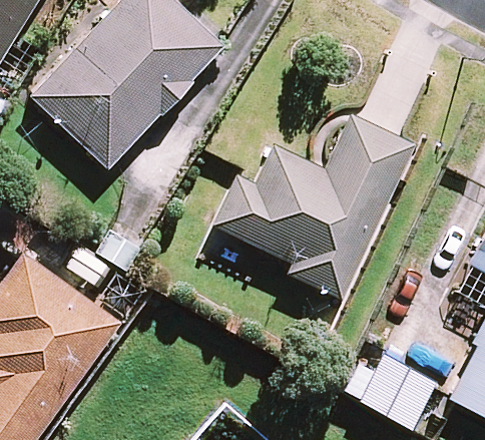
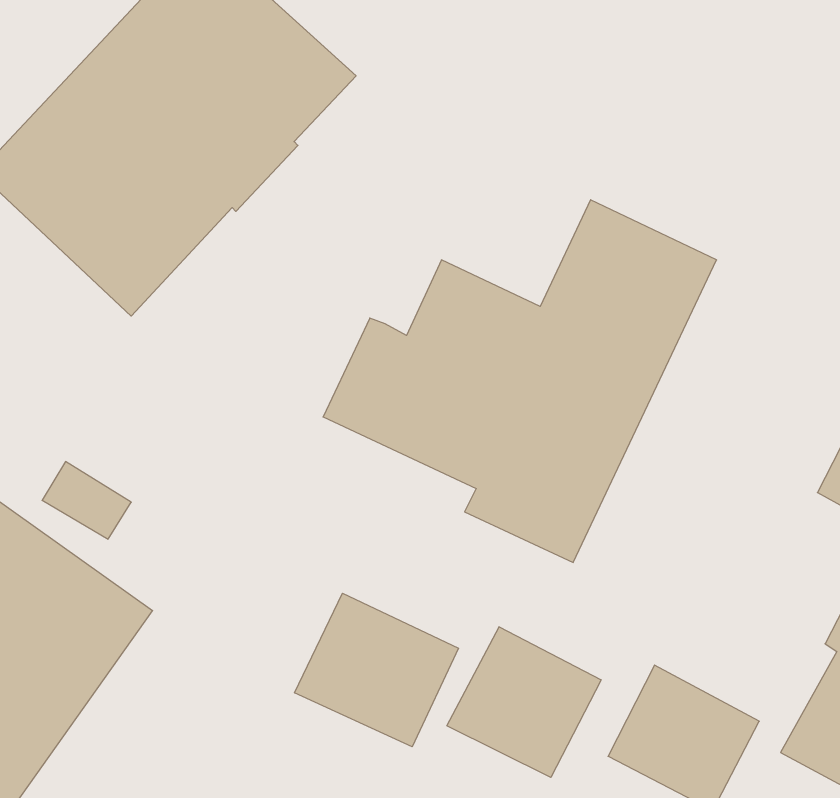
building: none -> [295,593,459,747]
building: none -> [447,627,601,777]

